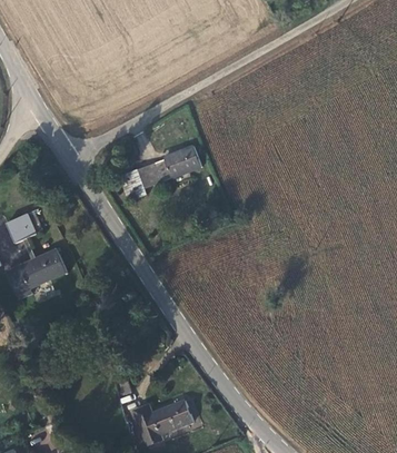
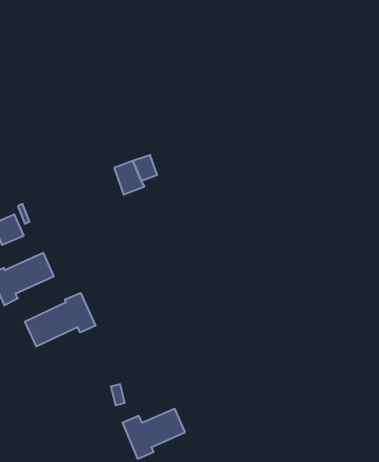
building: [168,141,205,173] -> none
building: none -> [25,293,96,347]

